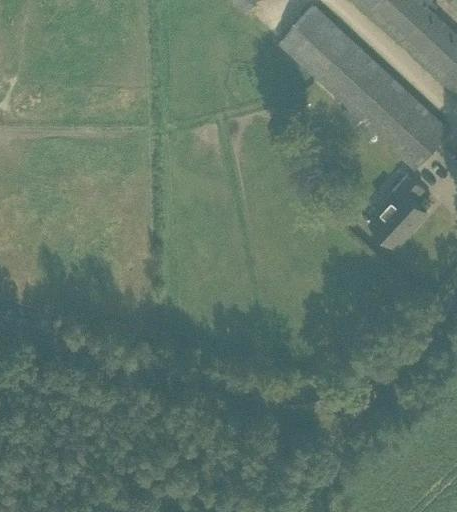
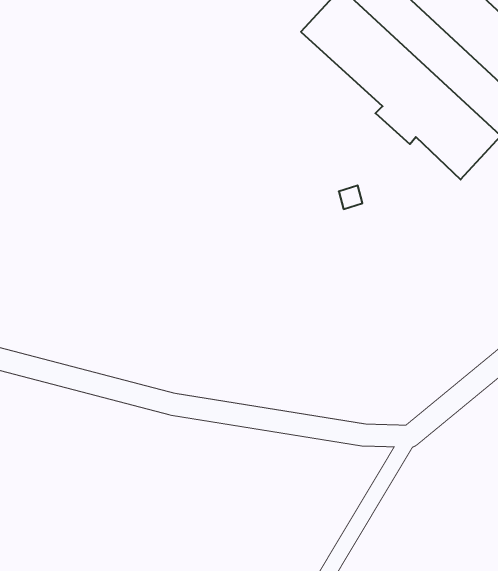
building: [371,174,427,246] -> none

